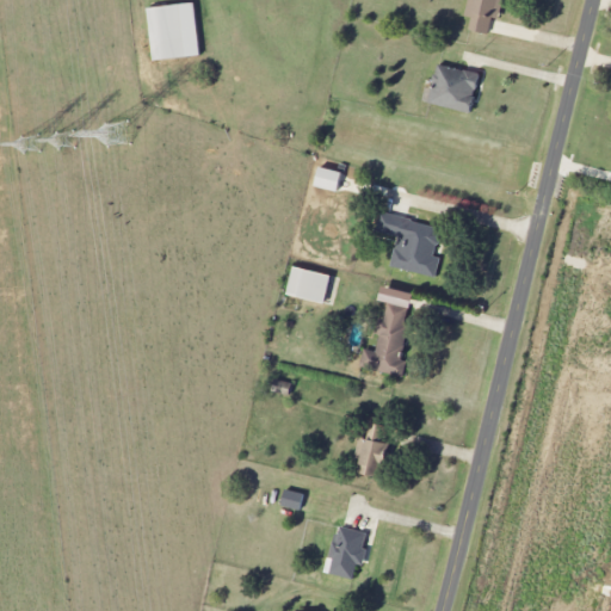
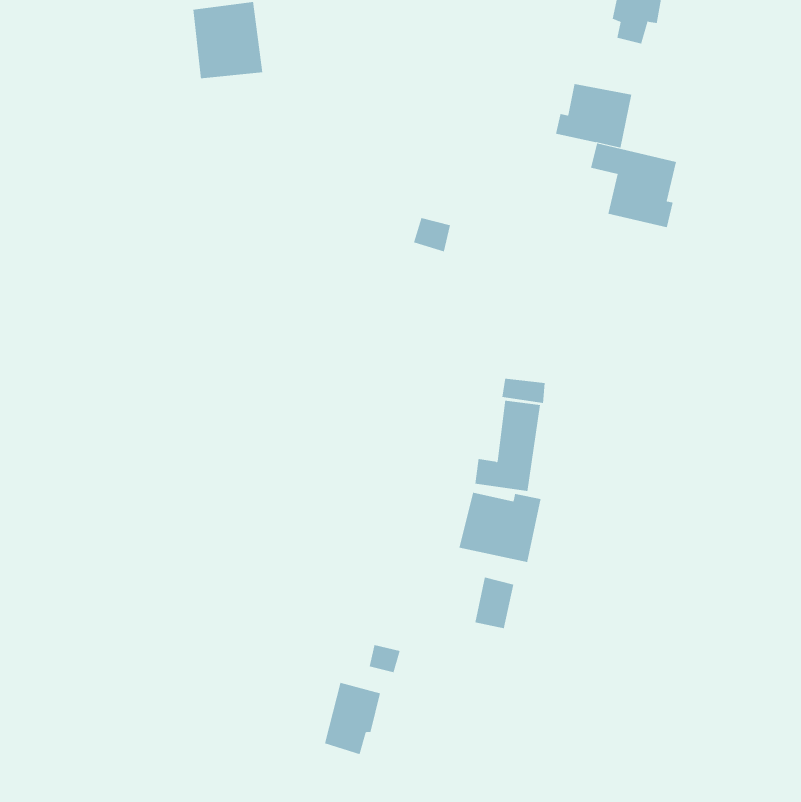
building: [375,211,440,276] -> [590,143,677,228]
building: [285,264,331,302] -> none
building: none -> [459,492,541,563]
building: [323,524,366,579] -> [324,682,381,755]

